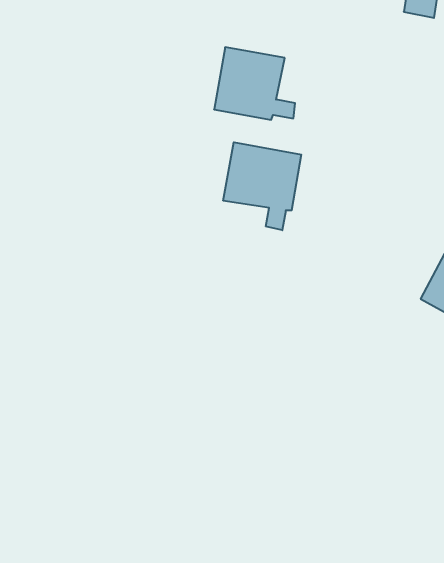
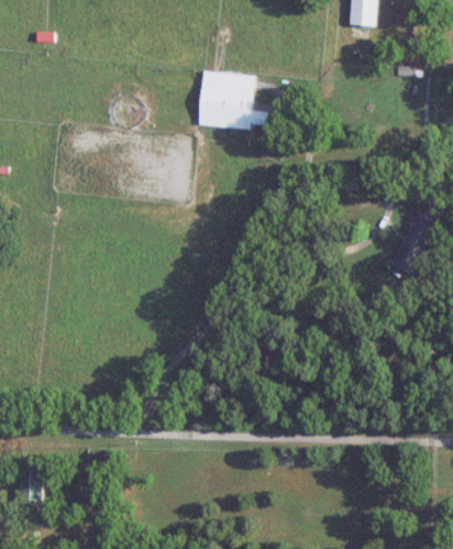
building: [223,142,301,230] -> none

